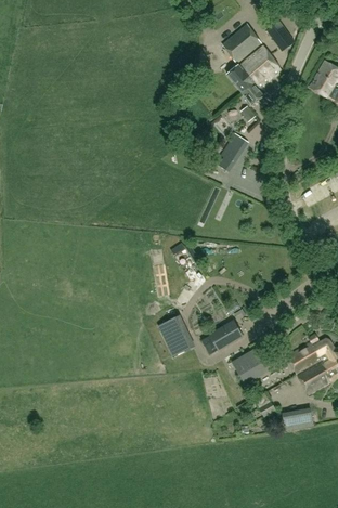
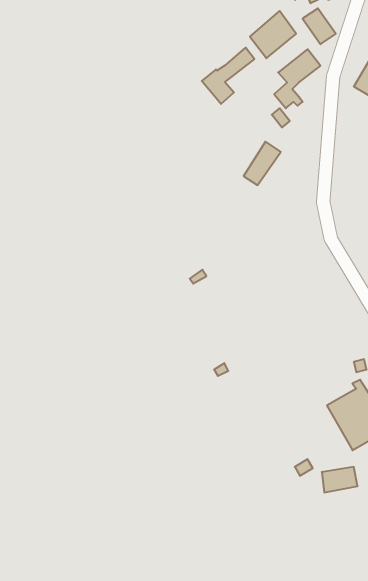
building: [226,45,271,93] -> [202,48,254,104]
building: [160,317,192,354] -> none
building: [203,321,243,352] -> none
building: [233,346,273,381] -> none

